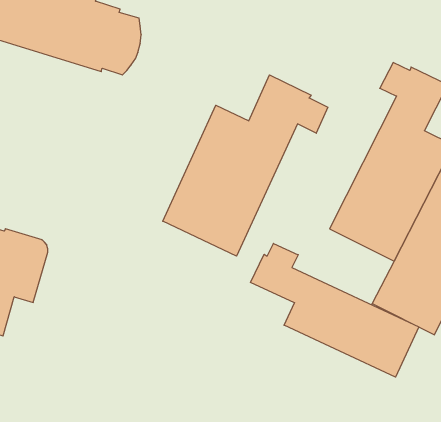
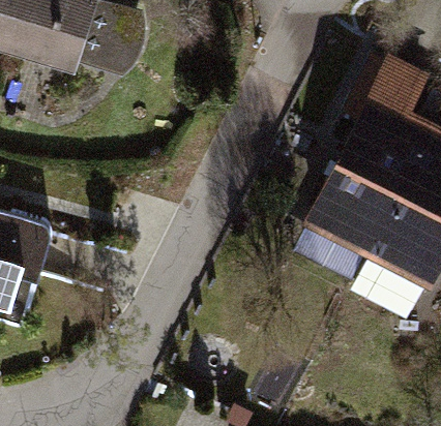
building: [163,75,328,256] -> none
building: [251,243,419,377] -> none

